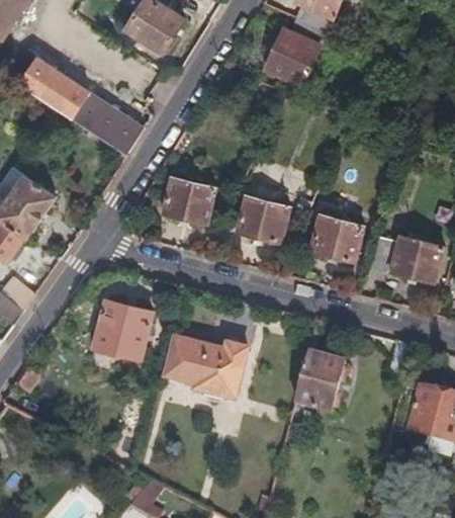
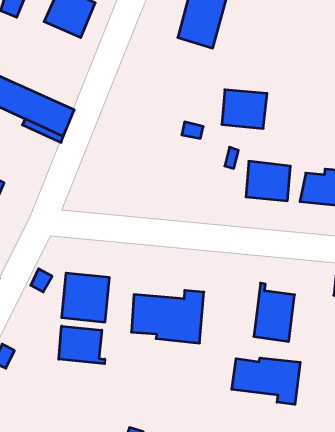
building: [164,176,216,224] -> none
building: [237,195,290,243] -> [222,90,267,128]
building: none -> [59,326,105,364]
building: none -> [232,358,300,404]

